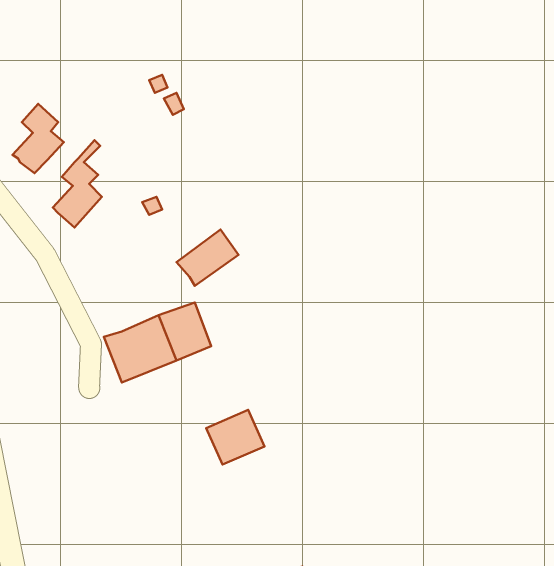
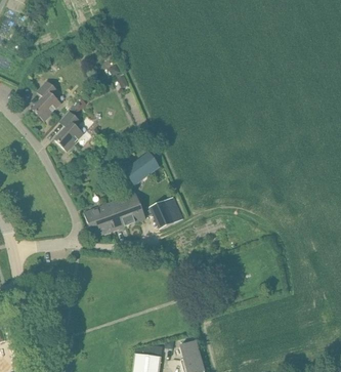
building: [206,410,265,465] -> [148,197,181,228]

